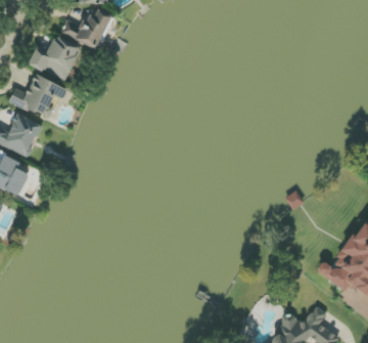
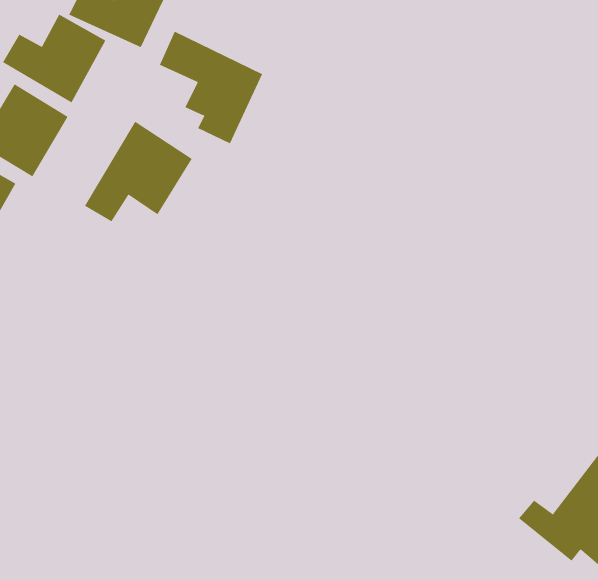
building: none -> [159,31,263,144]
building: none -> [84,121,193,222]

